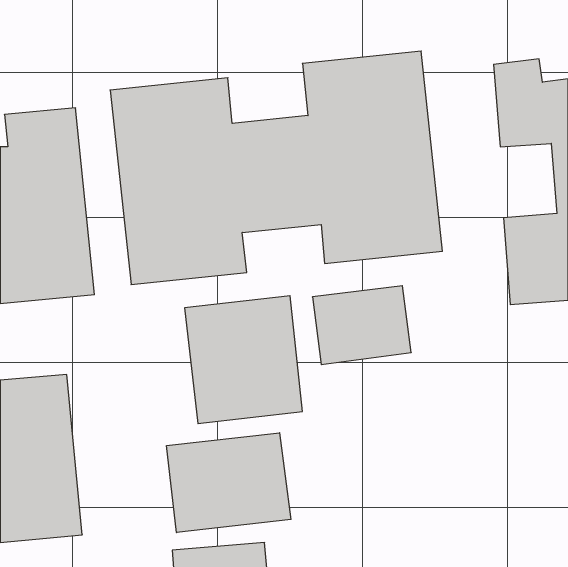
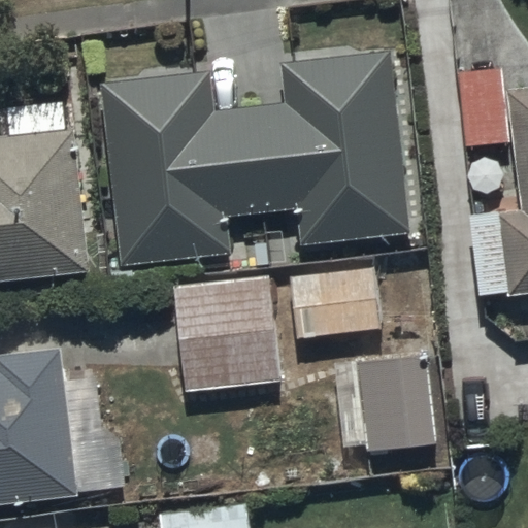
building: none -> [355,352,434,453]
building: [167,433,291,533] -> none

